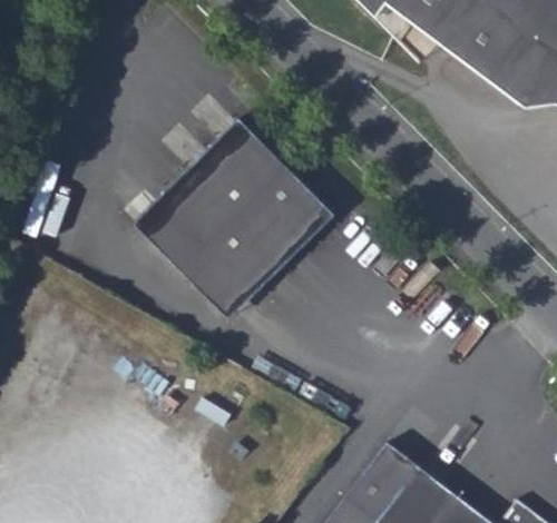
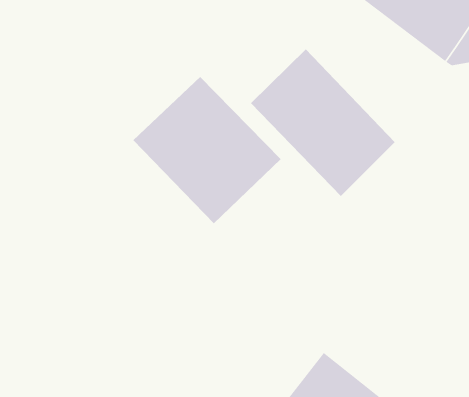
building: none -> [250,49,396,197]
building: [135,195,257,320] -> none

